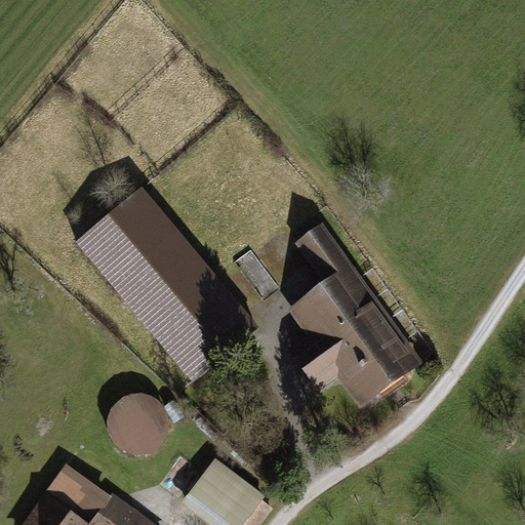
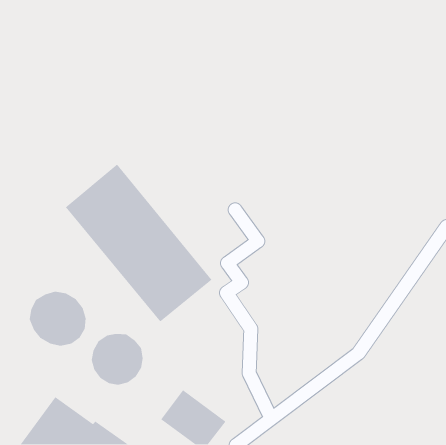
building: [288,229,420,410] -> none
building: none -> [29,291,86,346]

